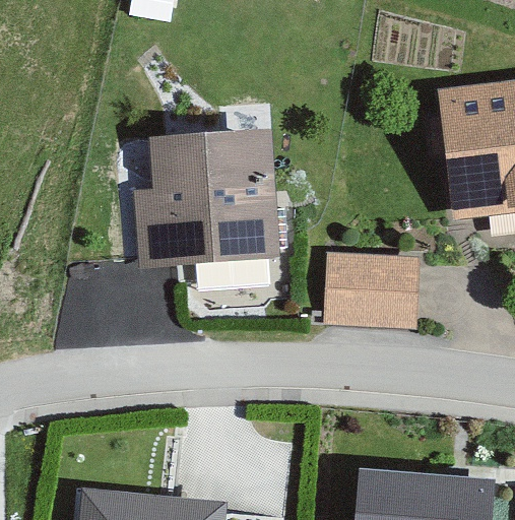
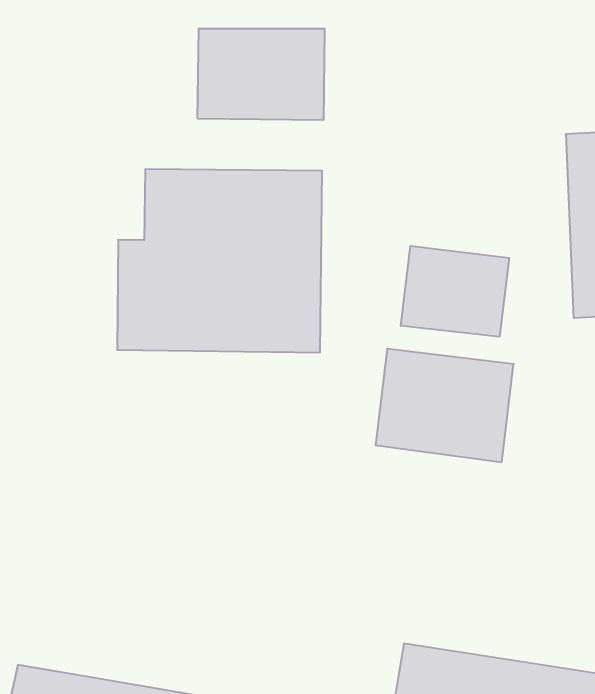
building: none -> [198,28,325,120]
building: none -> [401,246,509,337]

